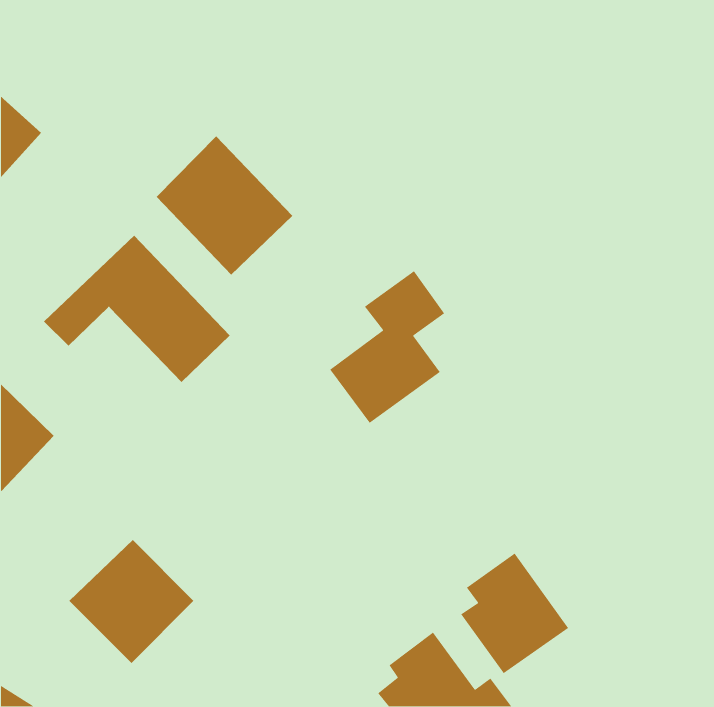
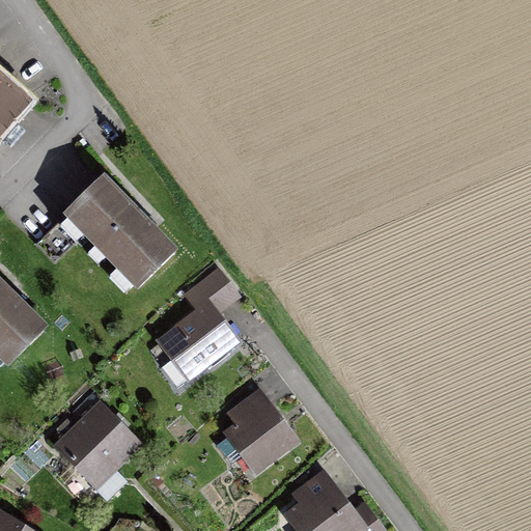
building: [156,135,293,275] -> none
building: [329,270,445,424] -> [155,269,241,383]
building: [460,553,569,674] -> [221,387,302,477]

